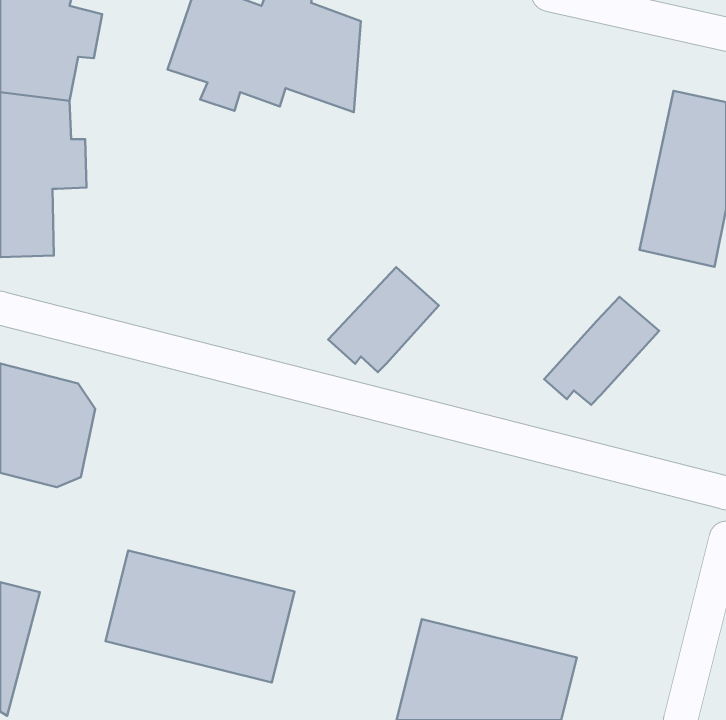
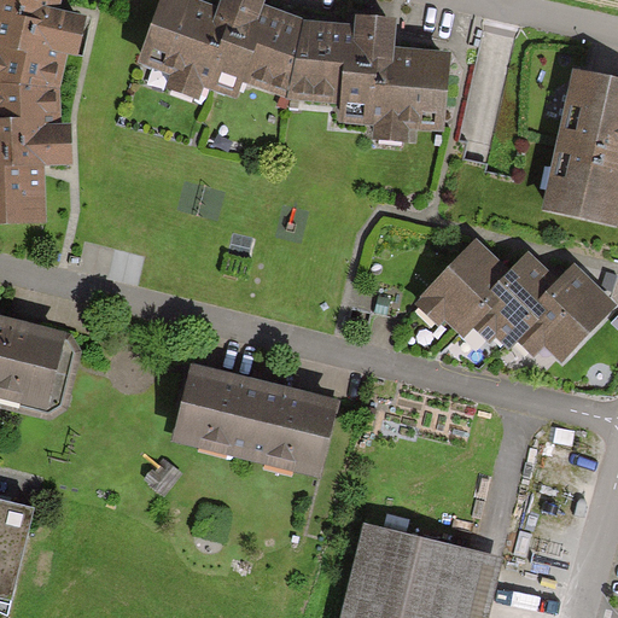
building: none -> [301,10,449,140]
building: [328,267,439,372] -> [413,240,507,330]
building: none -> [511,267,610,358]
building: [105,550,294,682] -> [168,363,328,476]

